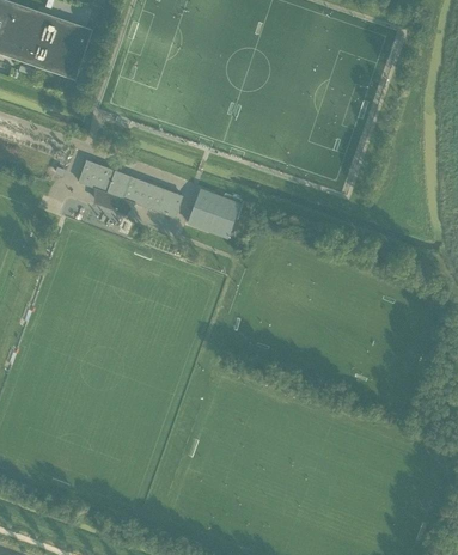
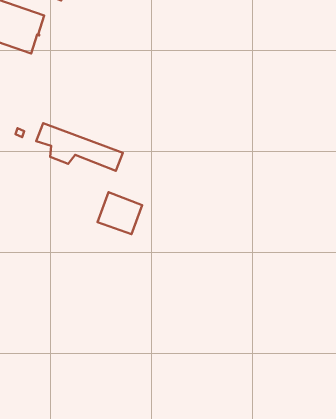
building: [188,188,242,238] -> [97,192,142,234]

